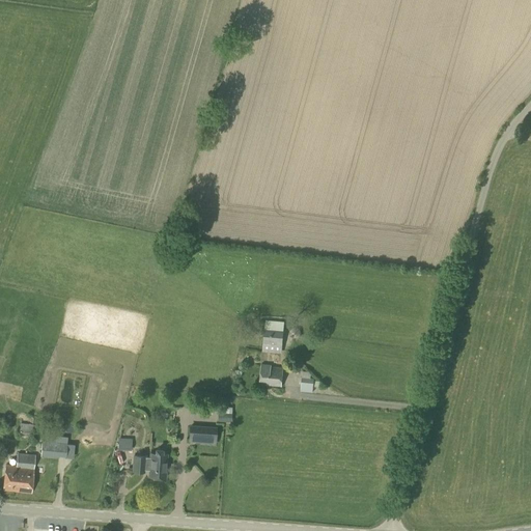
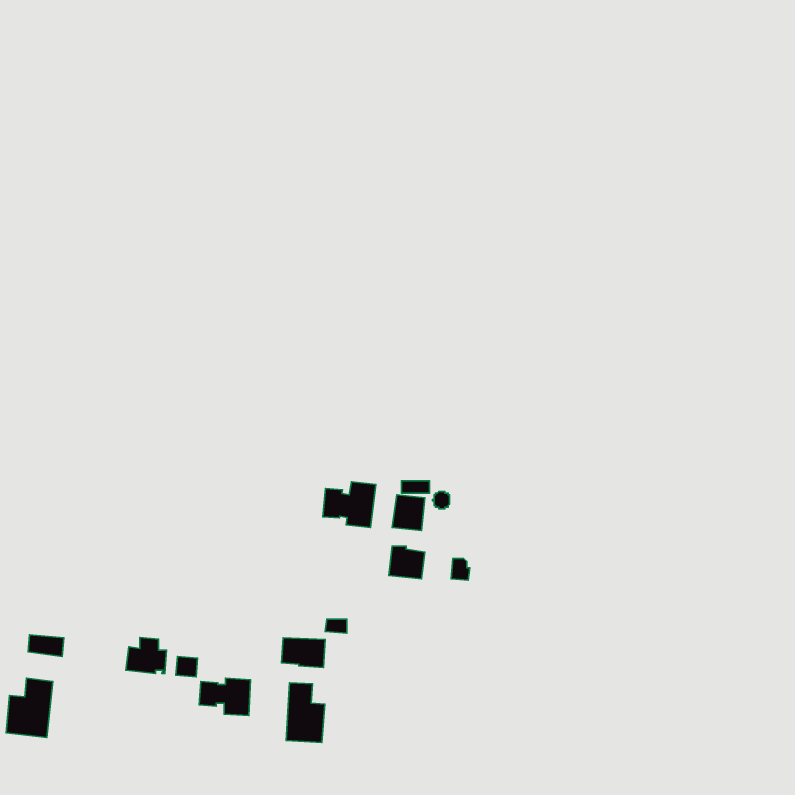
building: none -> [323,482,376,527]
building: [39,435,66,458] -> [126,638,166,673]
building: none -> [286,683,325,742]

